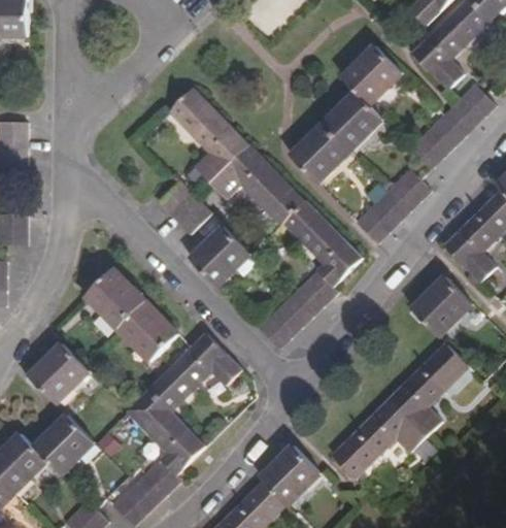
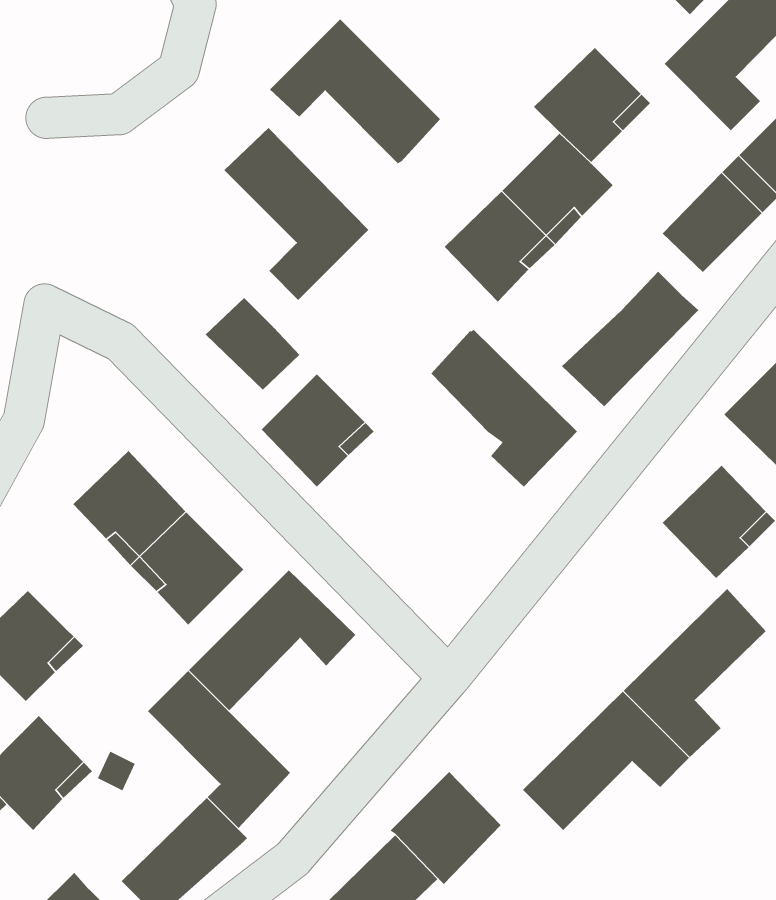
building: [209,144,304,225] -> [269,18,441,164]
building: [259,269,337,348] -> none

